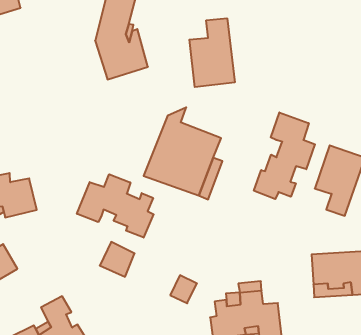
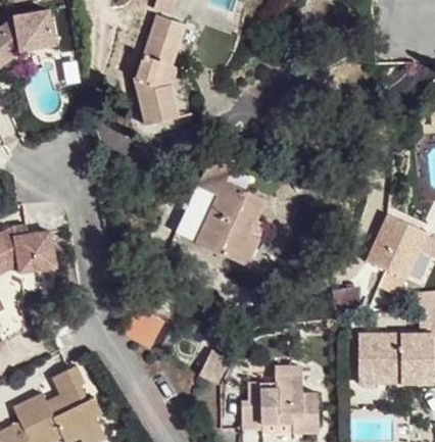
building: [189,18,235,87] -> none
building: [254,112,315,199] -> none
building: [77,174,154,238] -> none

